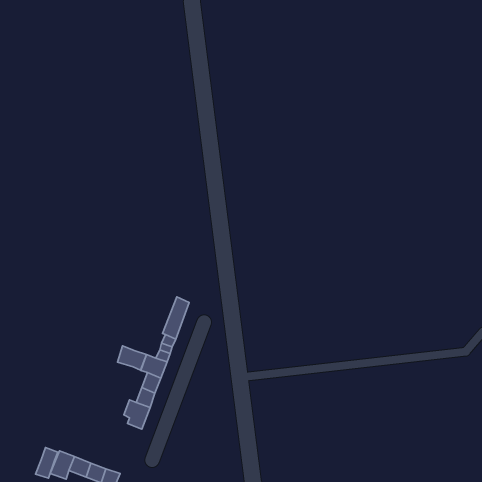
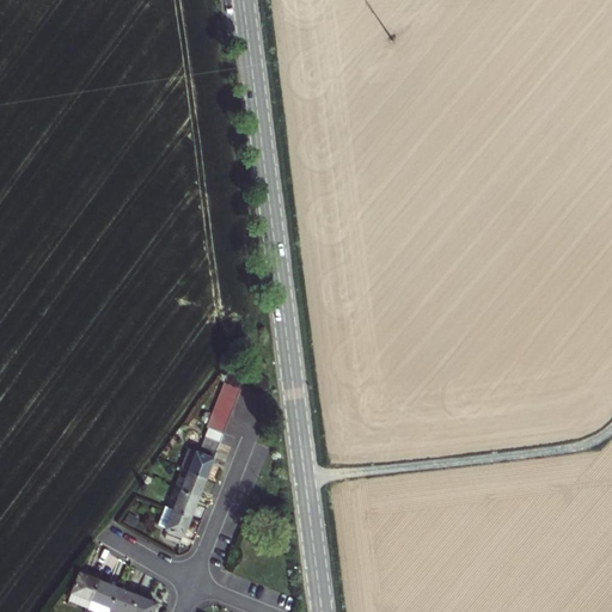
building: [117,346,146,370] -> none
building: [35,447,58,478] -> none

